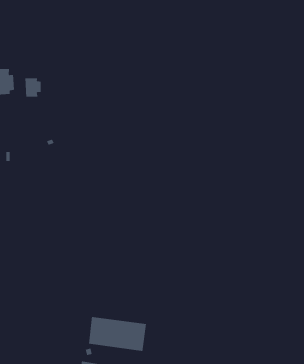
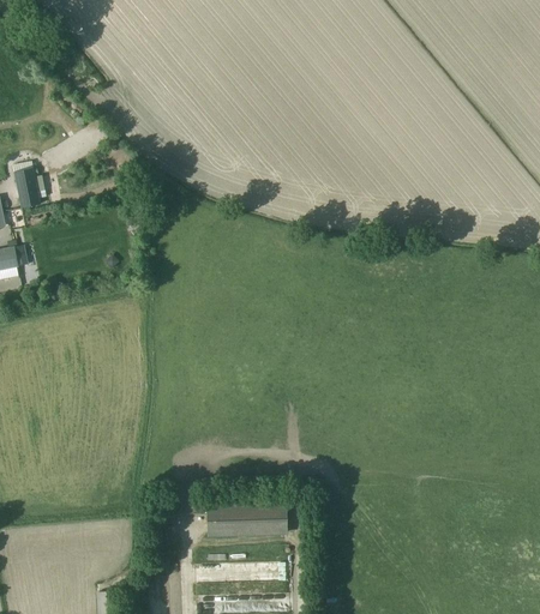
building: [25,78,41,98] -> none

